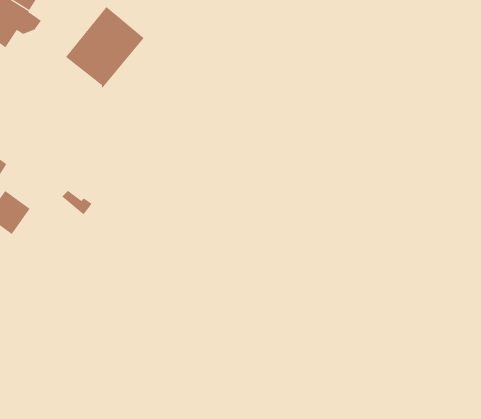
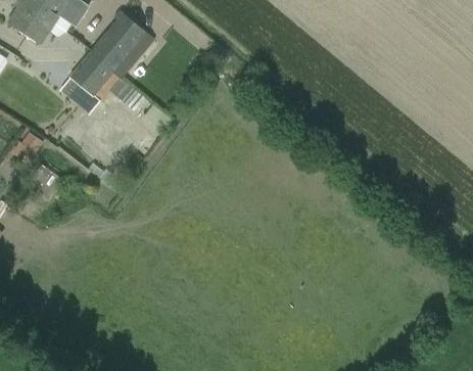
building: none -> [60,52,120,112]

